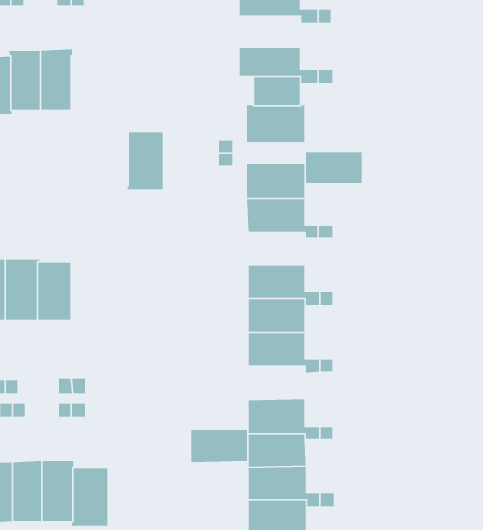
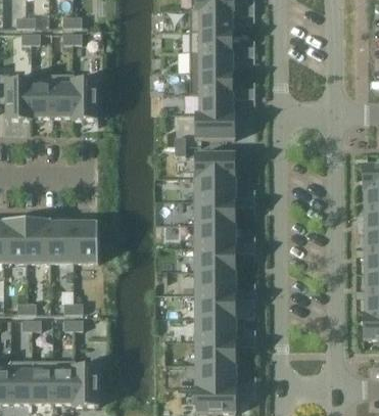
building: none -> [189,50,232,72]
building: [127,131,163,190] -> [72,78,97,119]
building: [305,151,362,184] -> [195,200,235,223]
building: none -> [73,221,97,262]
building: [190,429,248,463] -> [195,293,235,317]

